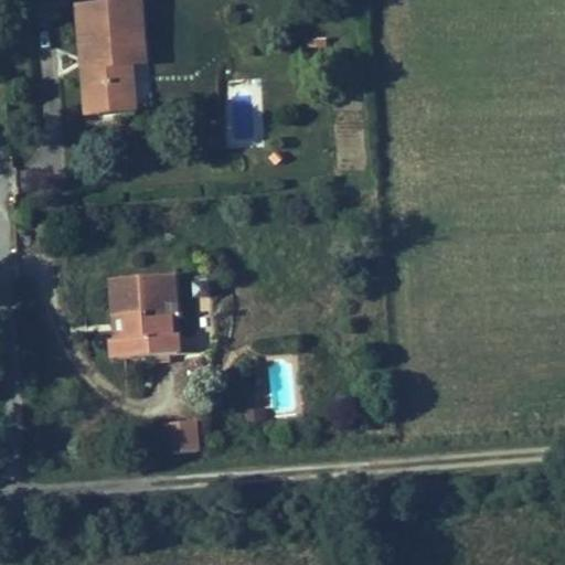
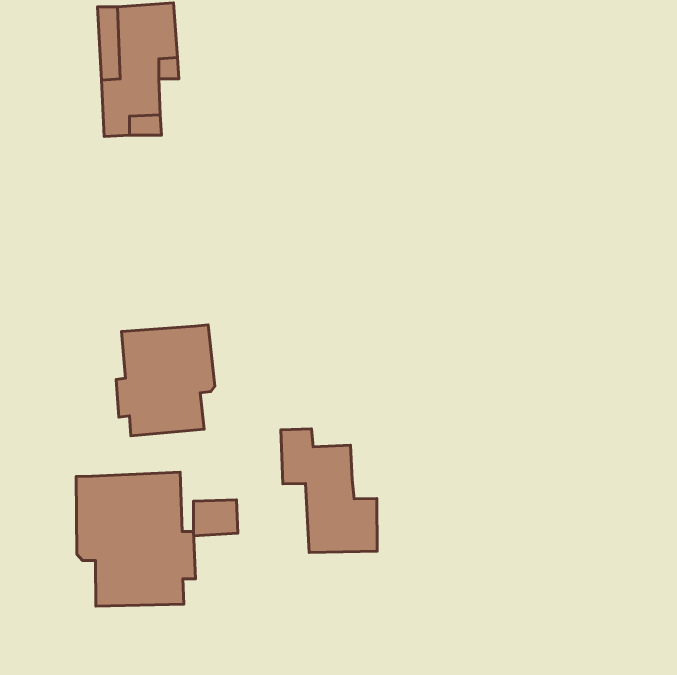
building: none -> [281,429,377,553]
building: none -> [76,472,196,606]

